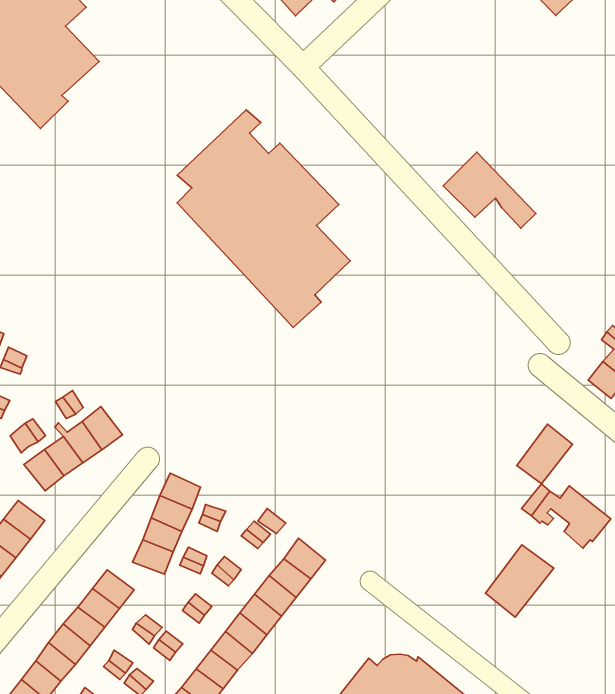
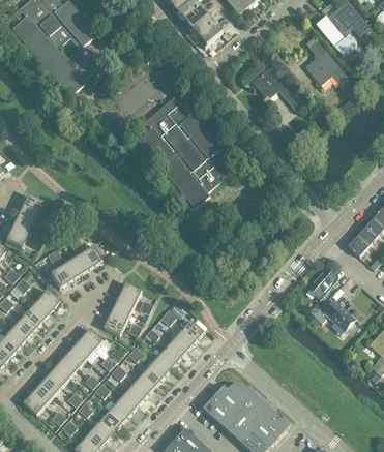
building: none -> [305,50,347,85]
building: [443,152,536,228] -> [252,65,299,107]
building: [485,545,554,617] -> none

